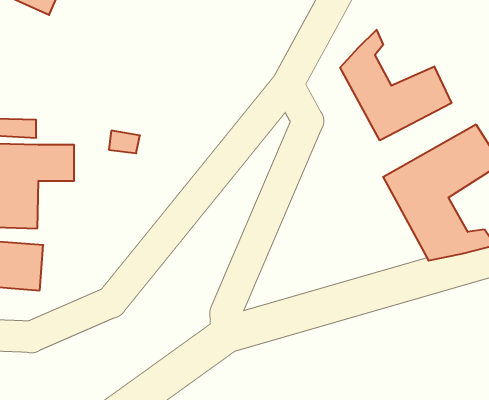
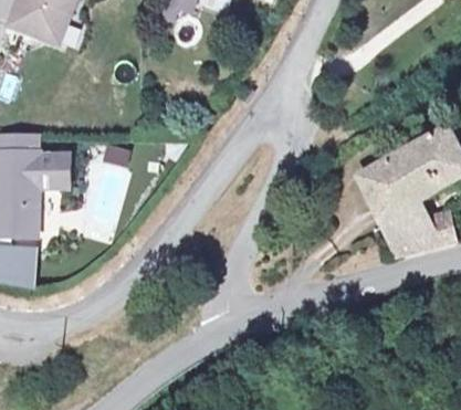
building: [340,30,451,140] -> none

